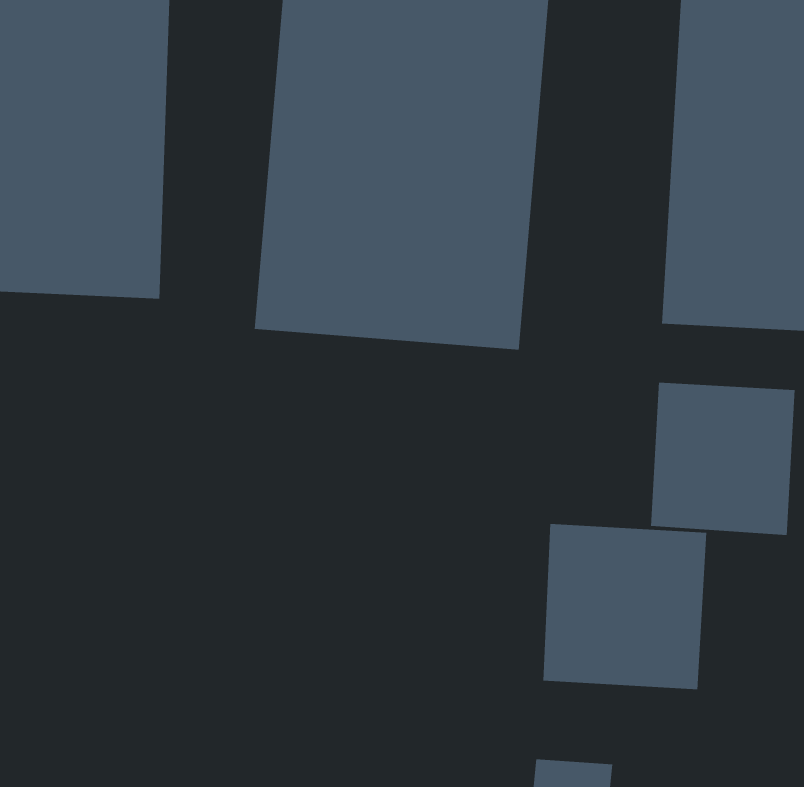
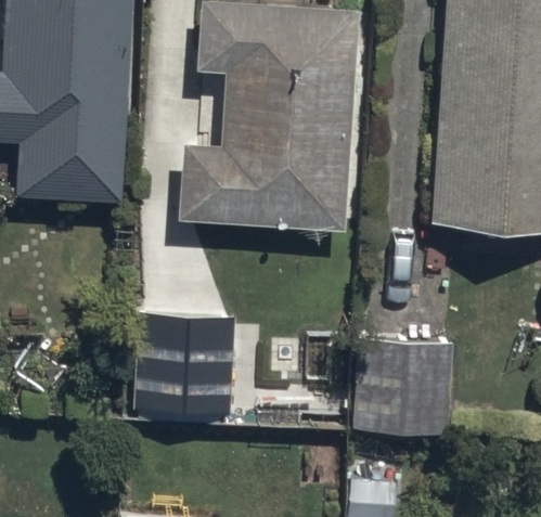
building: [651,382,795,536] -> none
building: none -> [134,320,241,421]

